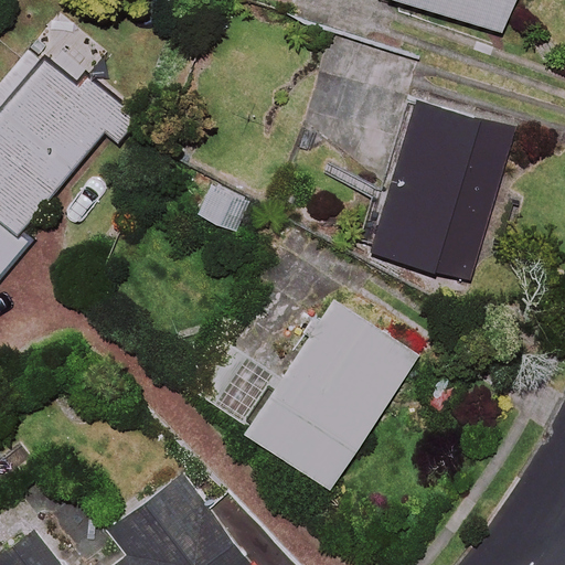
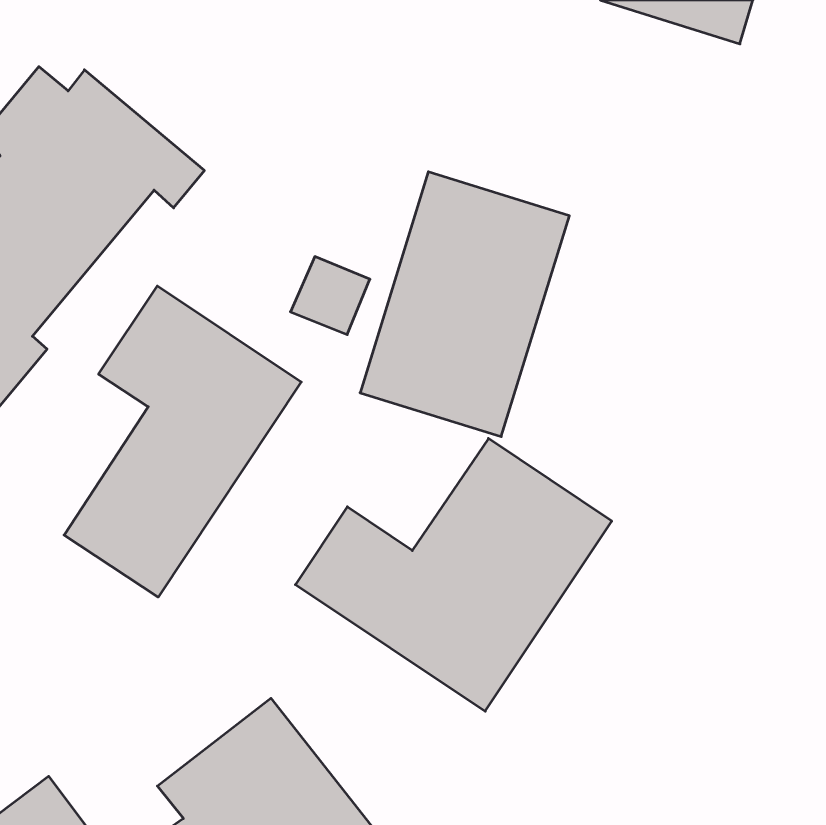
building: [370,100,512,280] -> [360,172,569,437]
building: none -> [64,286,301,597]

